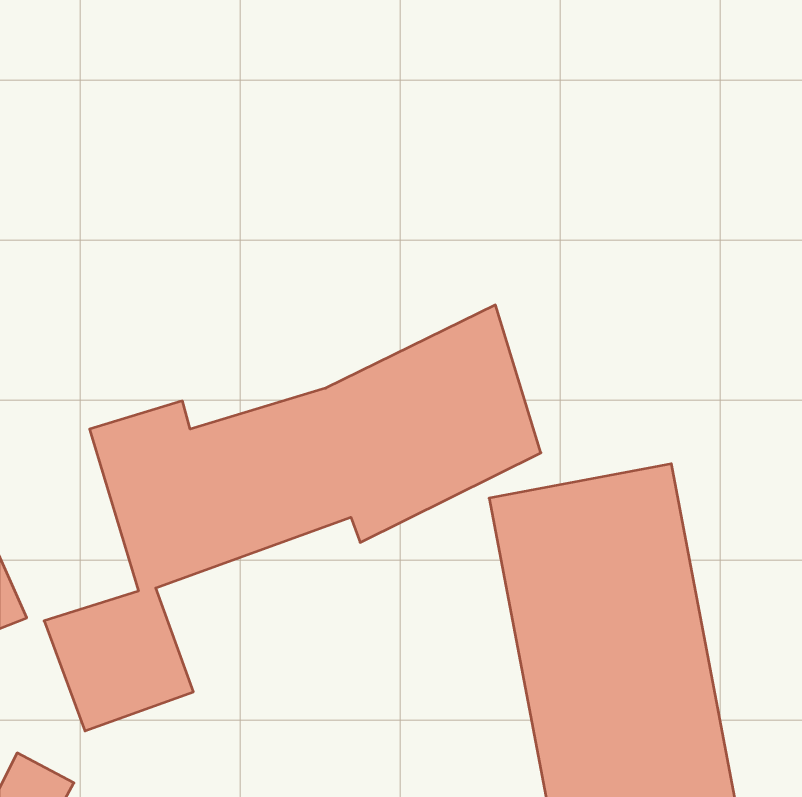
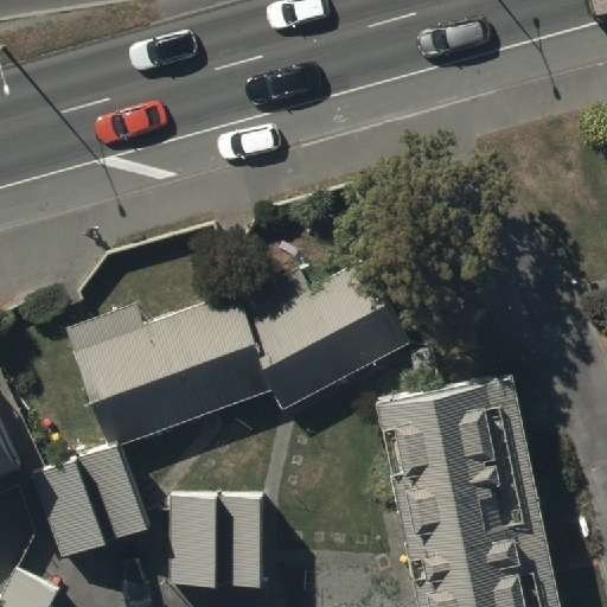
building: none -> [174,494,266,584]

